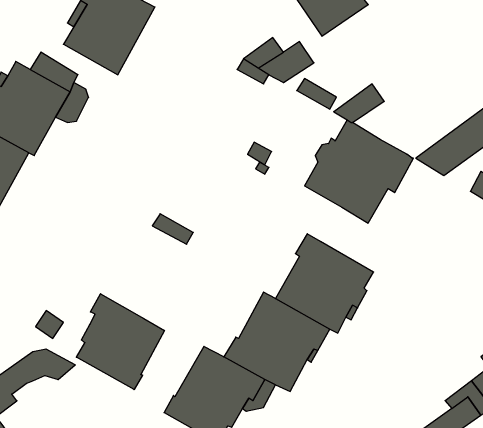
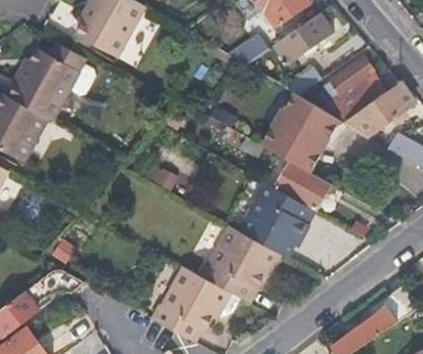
building: none -> [272,13,334,64]
building: none -> [320,57,387,123]
building: none -> [273,161,331,212]
building: [76,294,164,390] -> none

